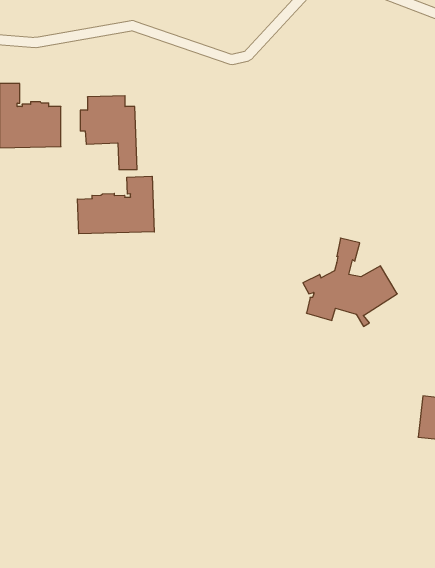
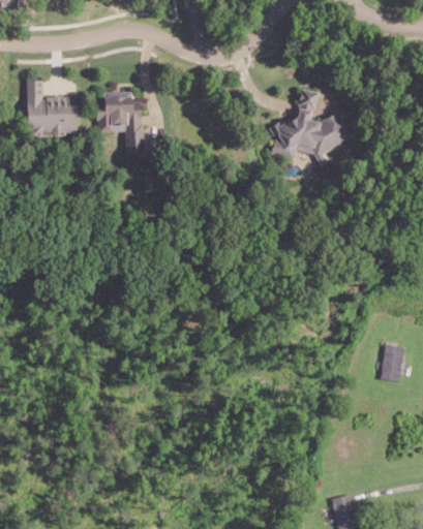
building: [77,176,154,234] -> none
building: [303,238,397,326] -> [269,90,350,165]

